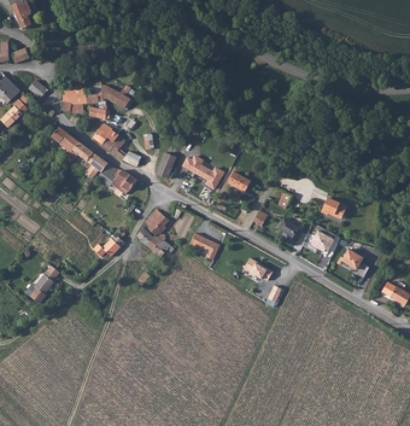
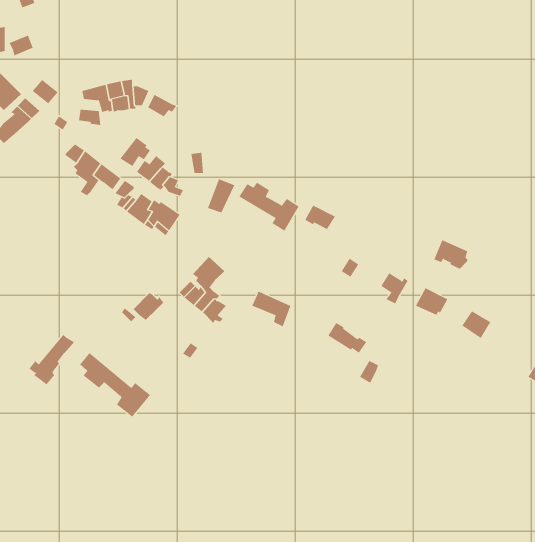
building: none -> [80,352,151,417]

